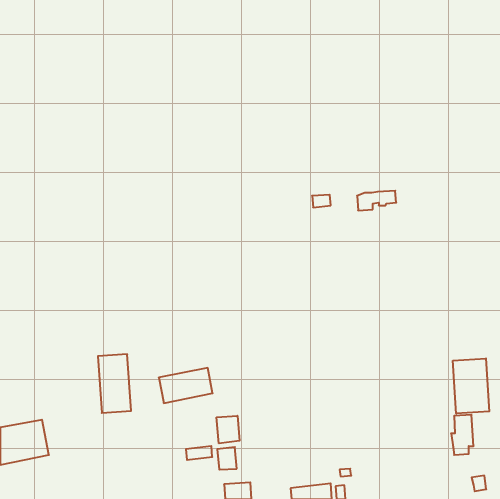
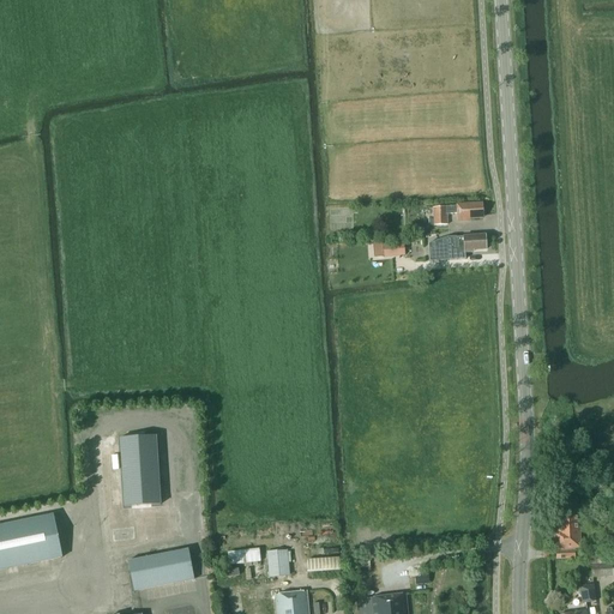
building: none -> [428,203,483,224]
building: [453,358,489,414] -> none
building: [159,368,213,403] -> [128,547,194,590]
building: [217,416,240,443] -> none

